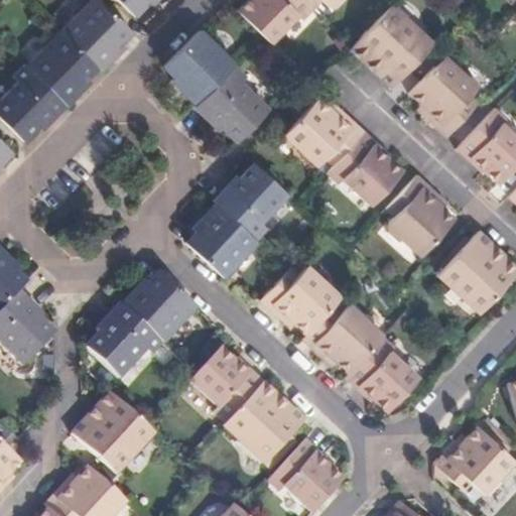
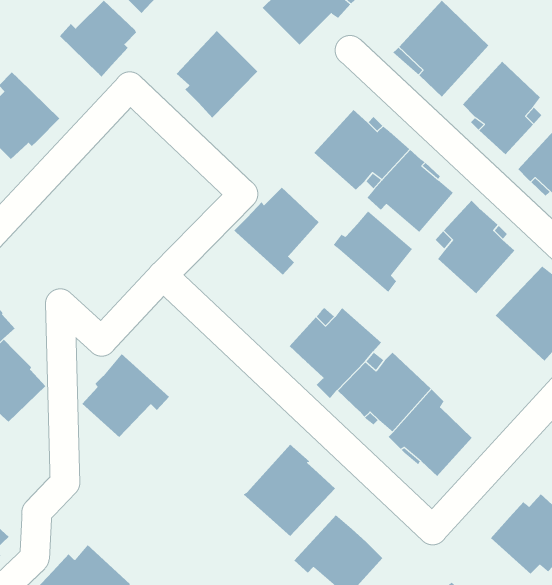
building: [31,34,99,105] -> none
building: [196,66,269,143] -> none
building: none -> [333,210,413,293]
building: [187,203,257,277] -> none
building: [119,275,196,345] -> none
building: [189,348,263,424] -> none
building: [75,395,155,477] -> none

